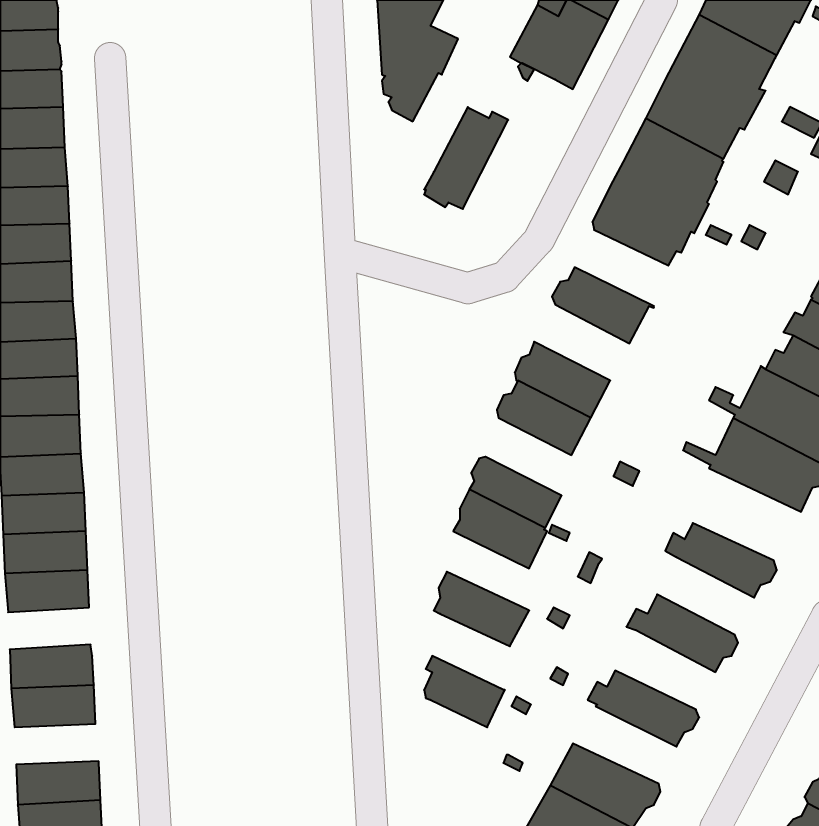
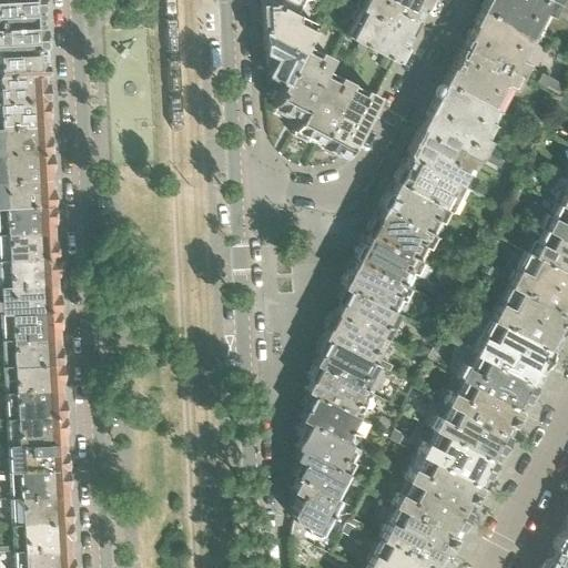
building: none -> [276,51,335,119]
building: none -> [323,83,381,156]
building: none -> [397,159,488,211]
building: none -> [371,210,437,262]
building: none -> [338,287,403,341]
building: none -> [467,322,556,385]
building: none -> [308,366,374,416]
building: none -> [449,383,525,436]
building: none -> [11,417,68,446]
building: none -> [298,422,359,474]
building: none -> [422,433,498,487]
building: none -> [294,480,346,539]
building: none -> [395,485,471,538]
building: none -> [16,497,73,525]

